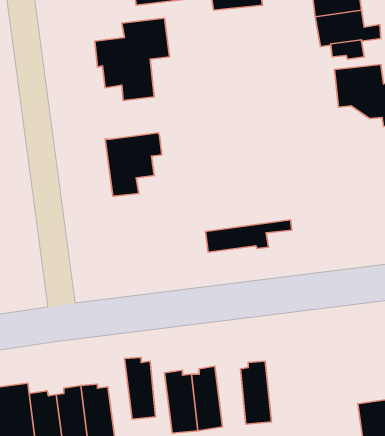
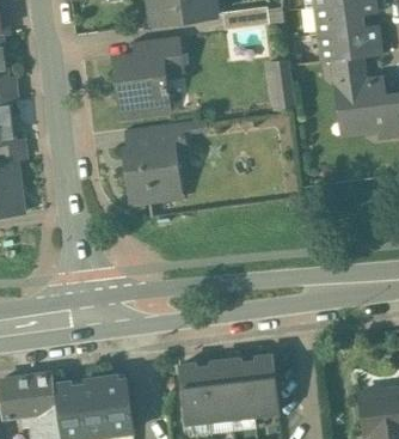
building: none -> [269,60,294,109]
building: [206,220,292,252] -> [125,118,205,148]
building: [124,357,155,419] -> [225,358,253,415]

